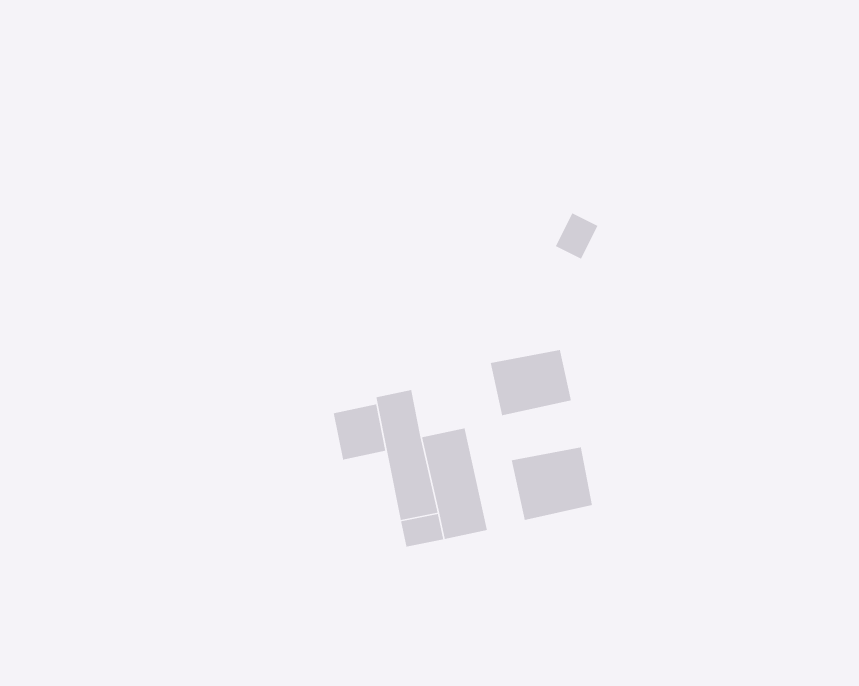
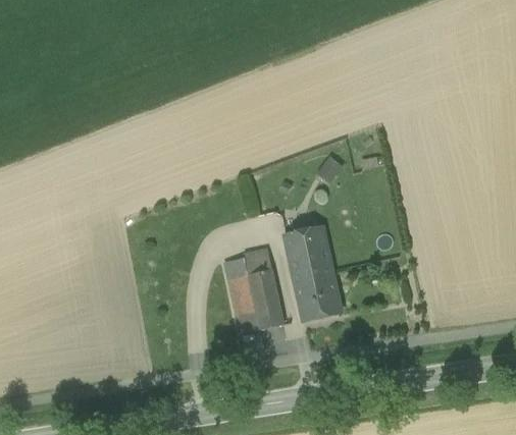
building: none -> [291,257,333,288]
building: [333,403,386,461] -> [243,246,271,276]

